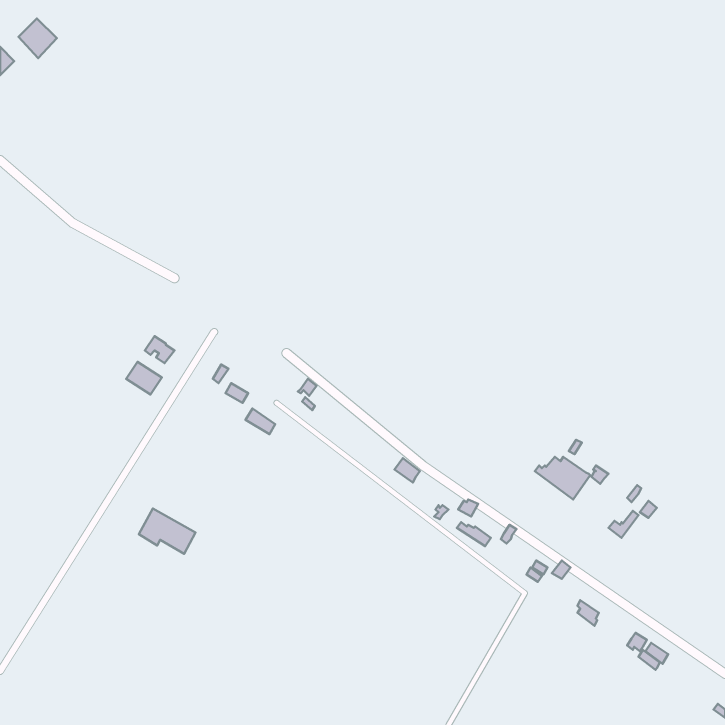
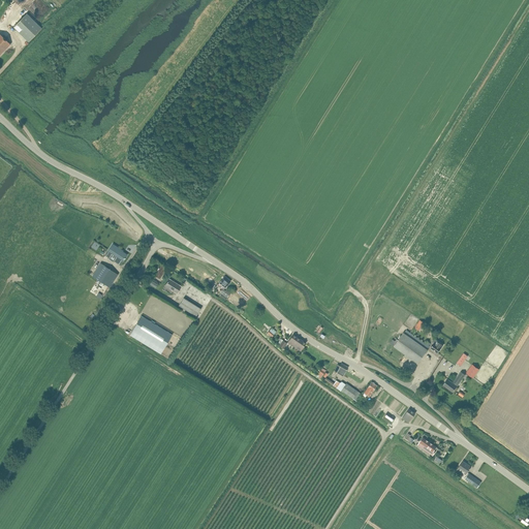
building: [139,508,195,554] -> [130,316,172,349]

